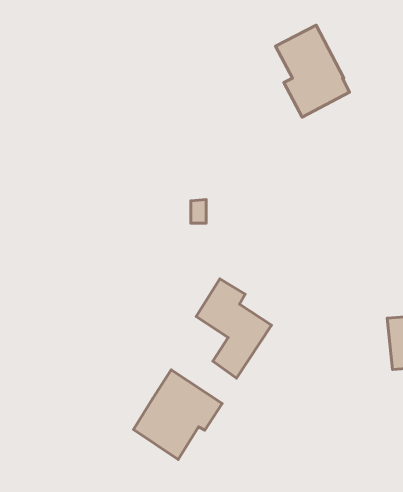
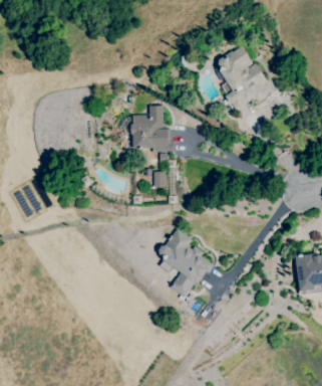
building: none -> [130,106,167,150]
building: [134,370,222,460] -> none

